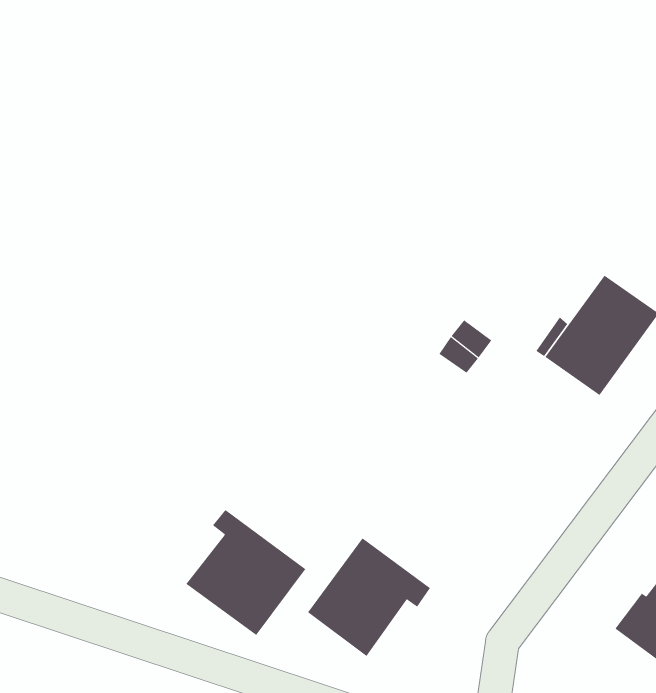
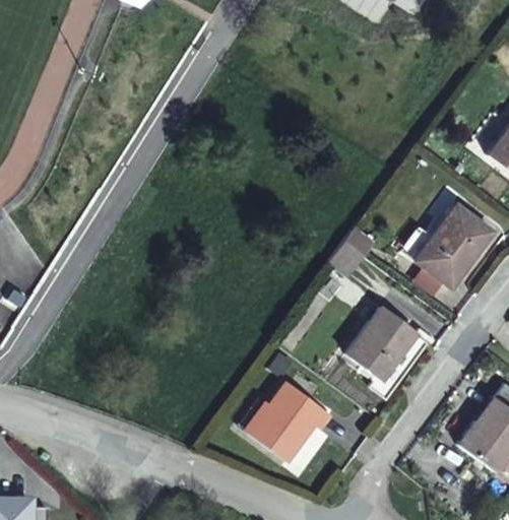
building: none -> [345,306,413,378]
building: [186,509,306,636] -> none

